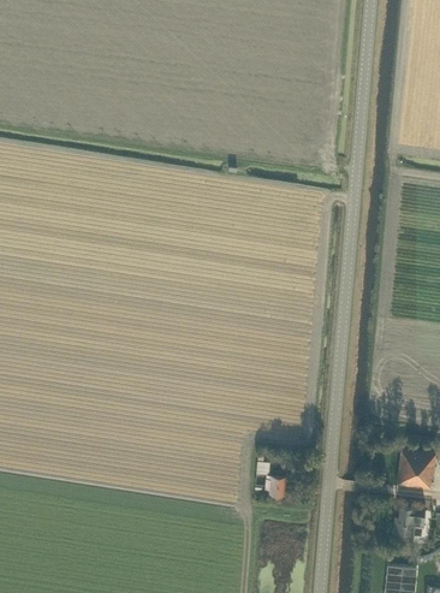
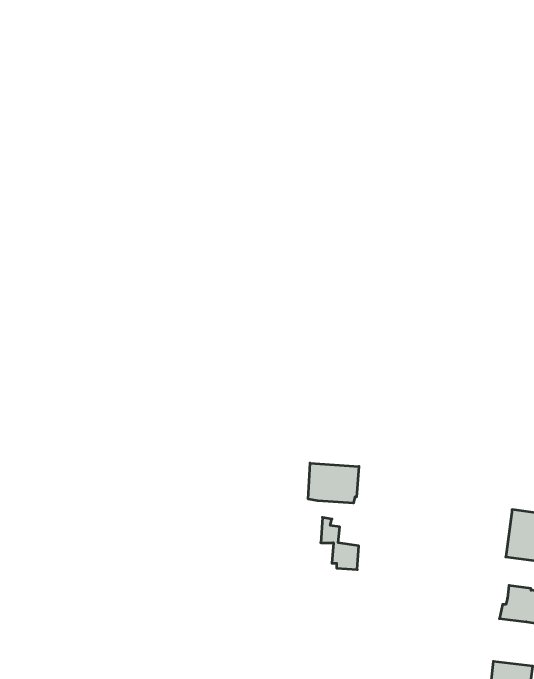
building: none -> [308,463,359,503]

